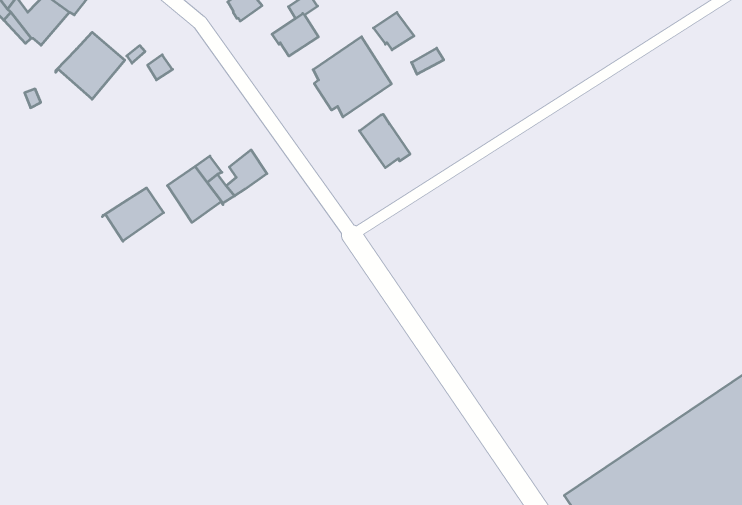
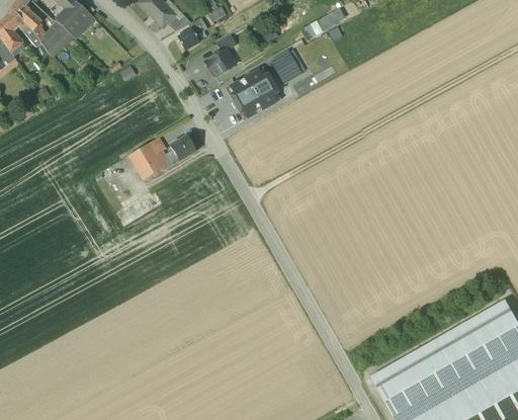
building: [56,32,125,99] -> none
building: [359,114,410,168] -> none
building: [102,188,164,241] -> none

